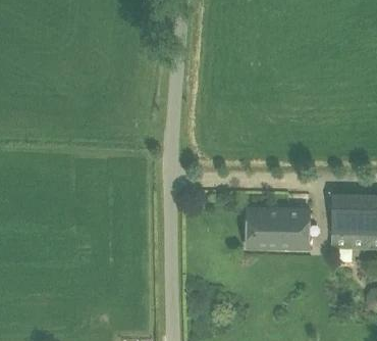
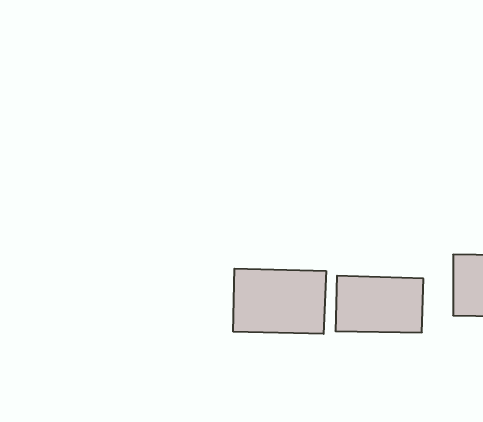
building: none -> [233,269,326,334]

